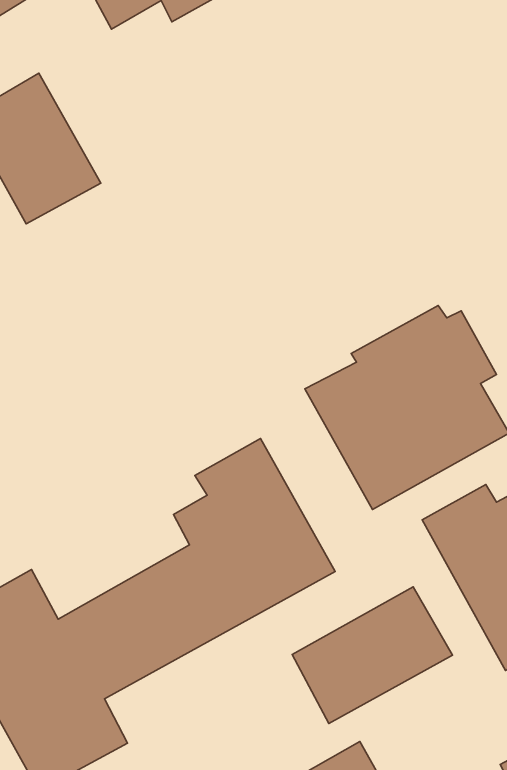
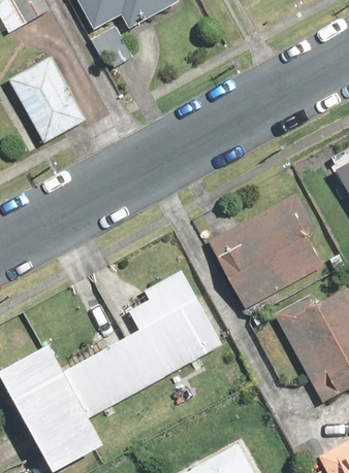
building: [292,587,452,723] -> none

